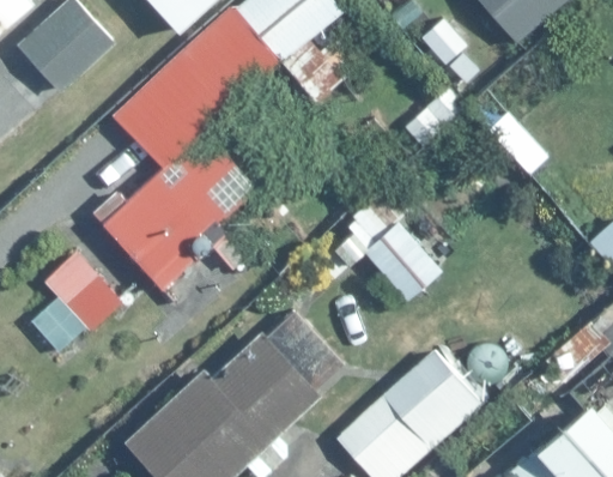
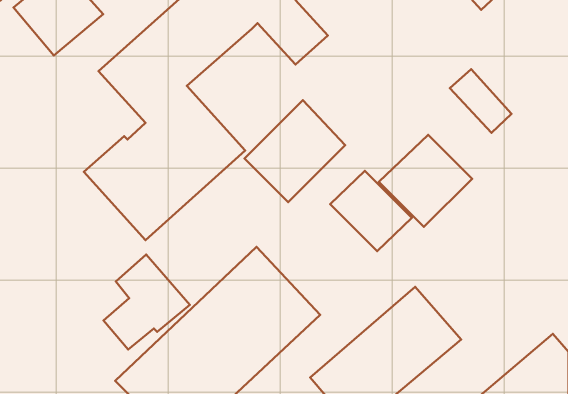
building: none -> [244,100,345,202]
building: none -> [379,135,472,227]
building: [28,249,120,351] -> [104,255,190,350]

